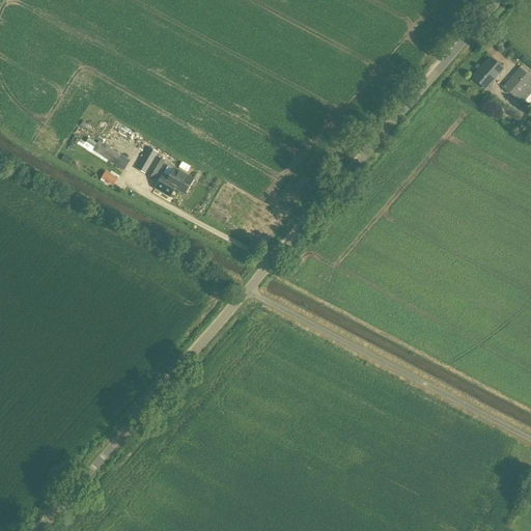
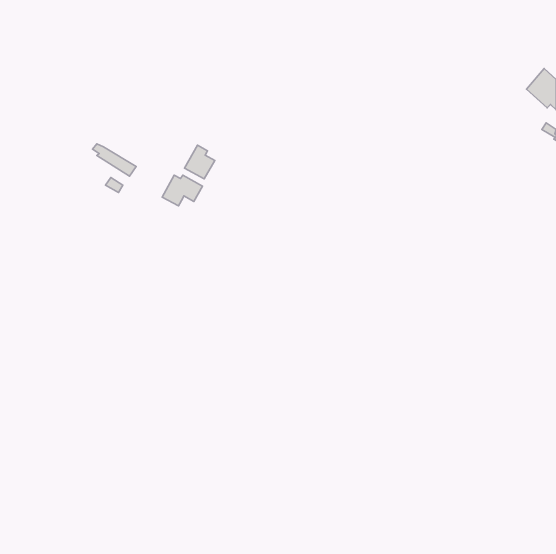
building: [474,56,502,87] -> none
building: [136,145,165,177] -> [185,145,215,179]

